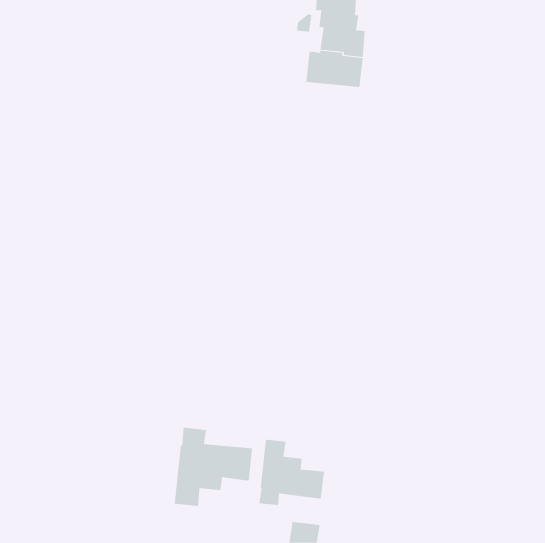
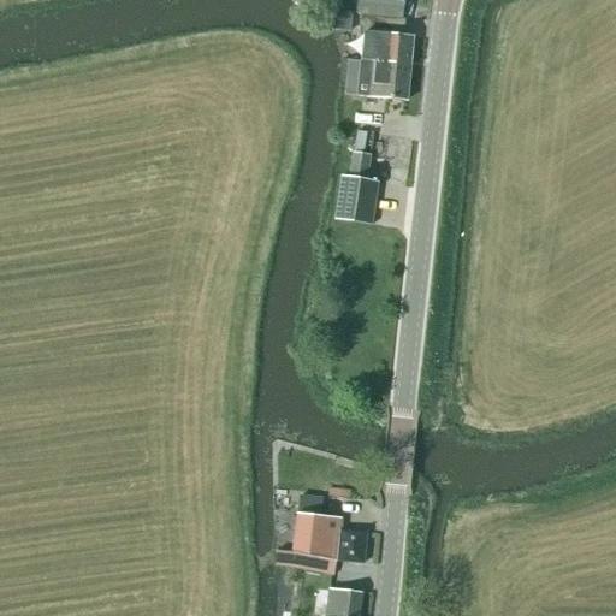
building: none -> [334,150,379,224]
building: [174,427,253,507] -> none

